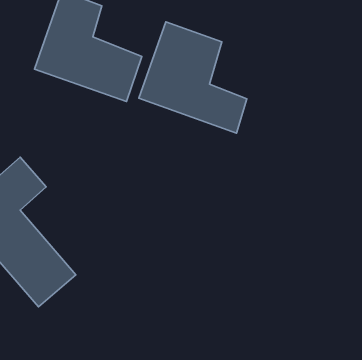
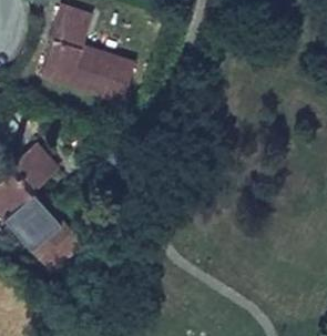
building: [139,22,247,133] -> none

